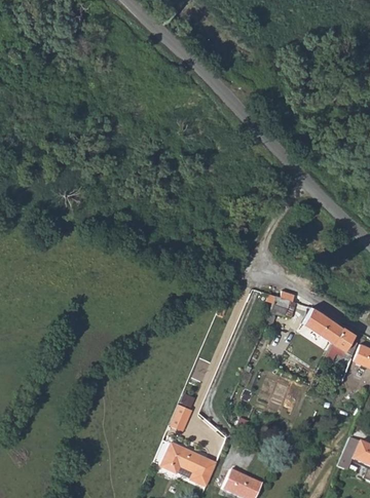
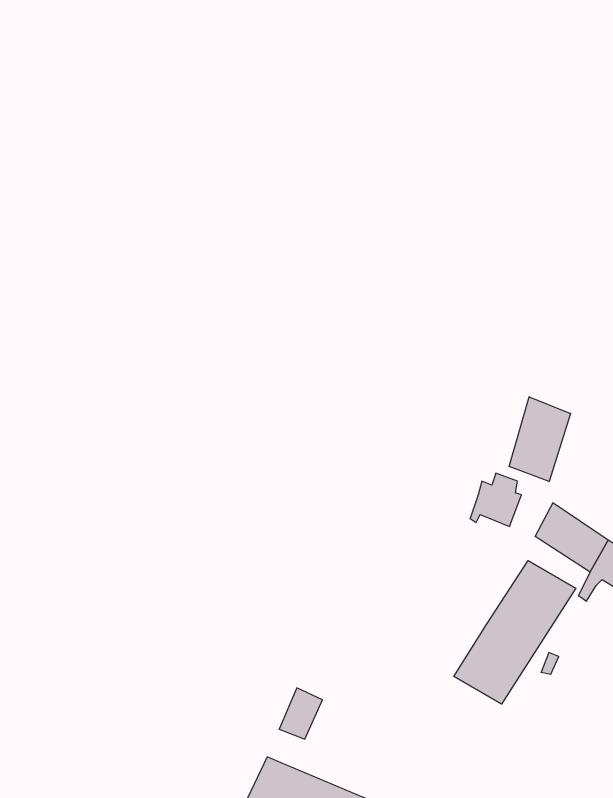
building: none -> [509,397,571,482]
building: none -> [454,561,576,704]

